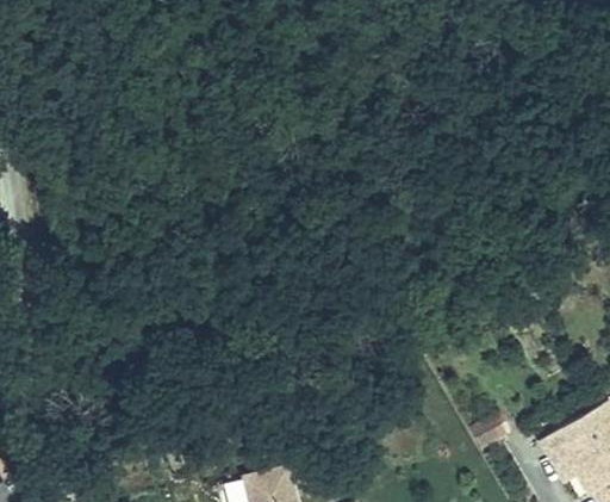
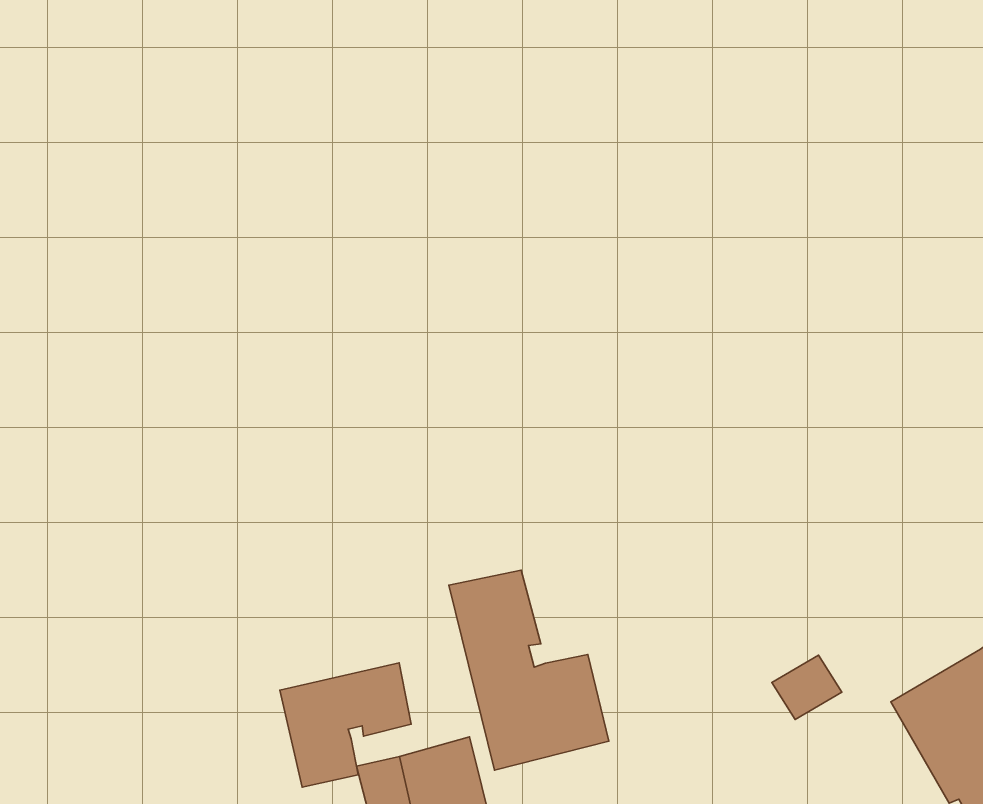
building: none -> [449,570,609,770]
building: none -> [280,663,411,787]

